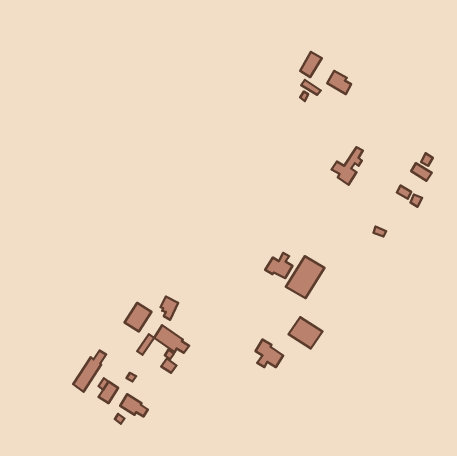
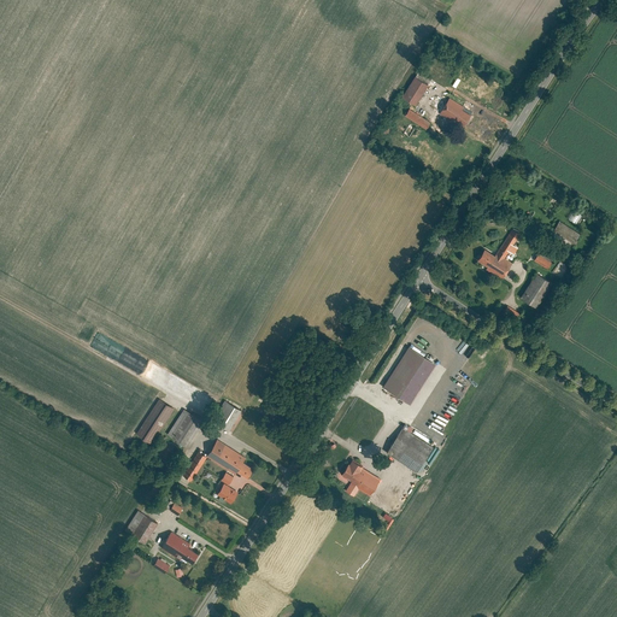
building: [332,147,363,185] -> [478,230,521,281]
building: none -> [521,274,554,310]
building: [265,253,293,278] -> none
building: none -> [137,400,175,445]
building: [73,351,106,392] -> none

